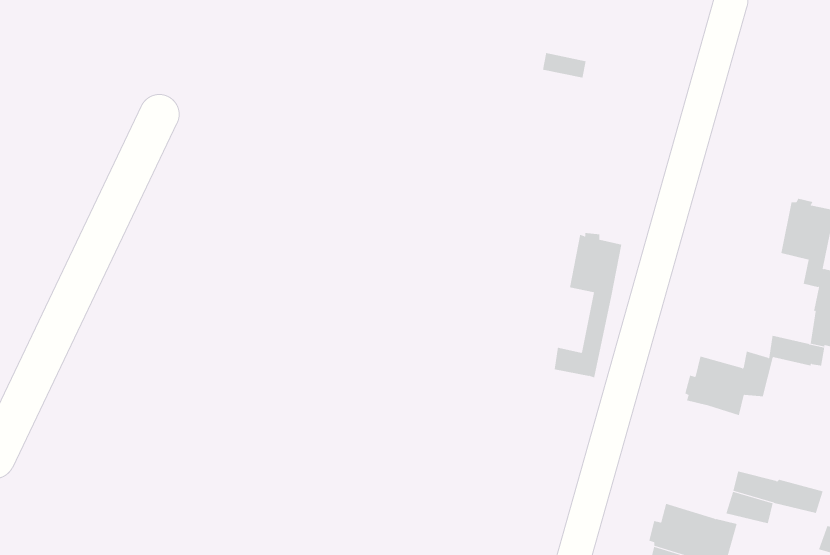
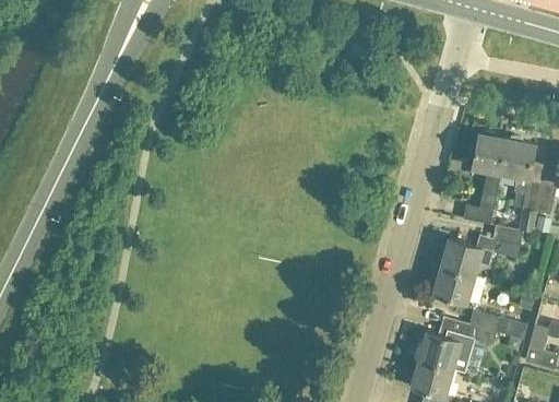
building: [554,233,622,378] -> [463,131,507,224]
building: none -> [430,265,474,303]

